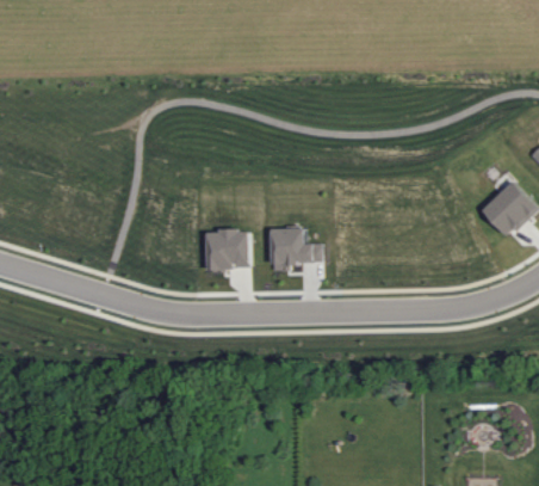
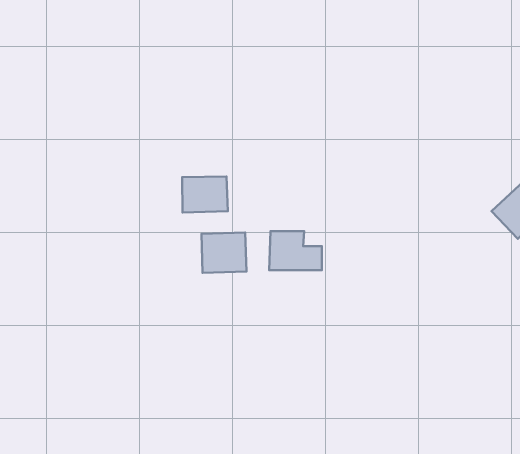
building: none -> [182,177,228,213]

